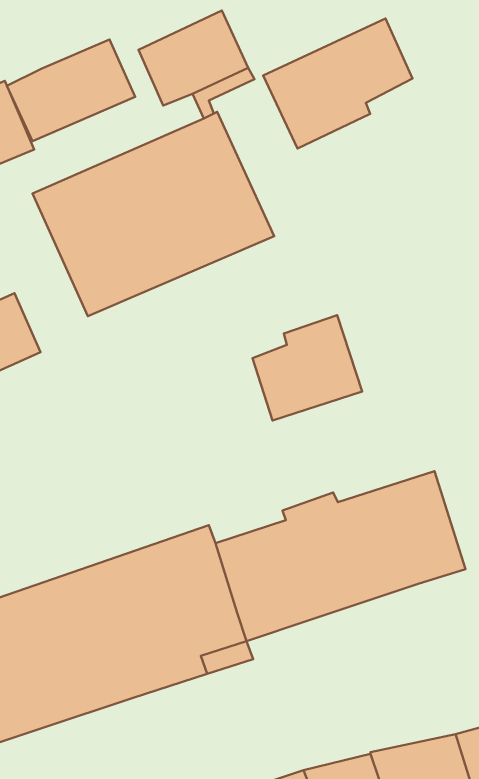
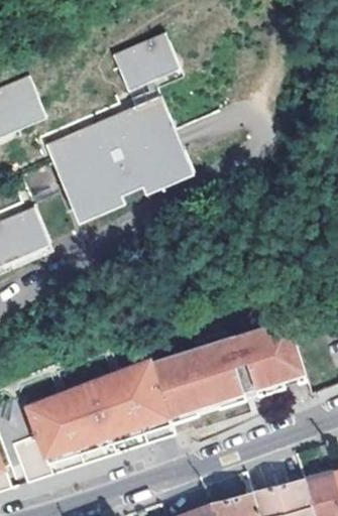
building: [263,19,413,149] -> none
building: [7,39,135,141] -> none
building: [252,315,362,421] -> none

